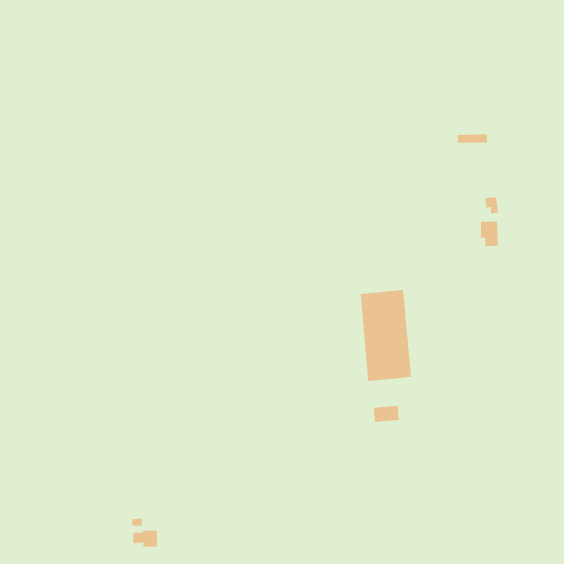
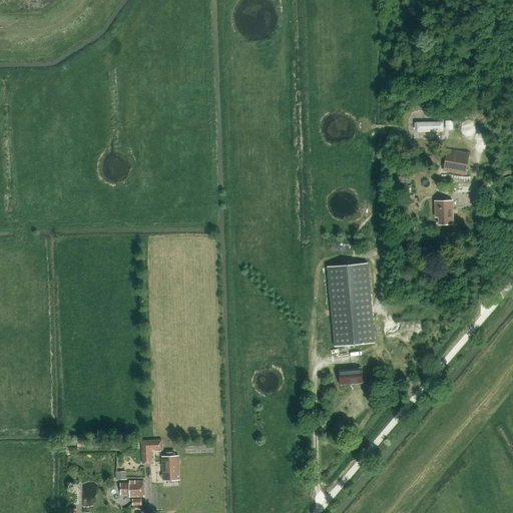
building: none -> [443,148,469,175]
building: none -> [141,438,162,464]
building: none -> [162,455,180,480]

